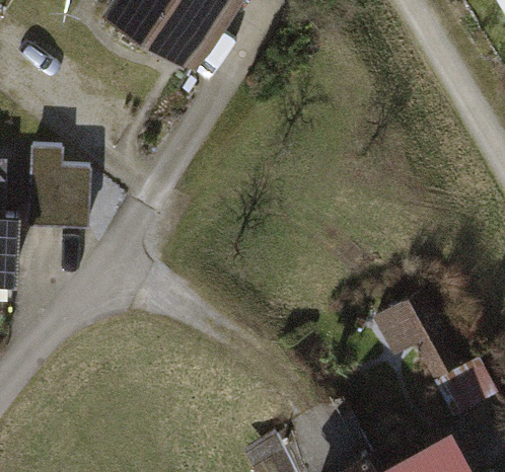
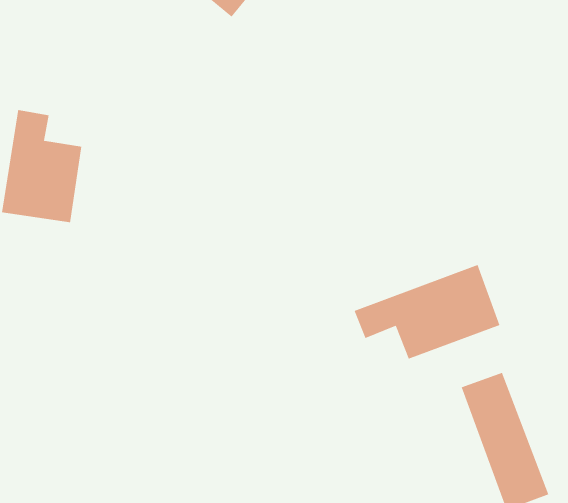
building: none -> [354,264,500,360]

